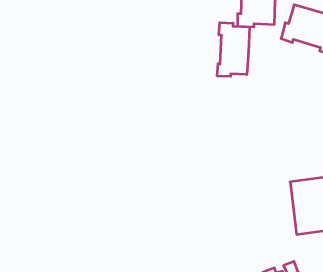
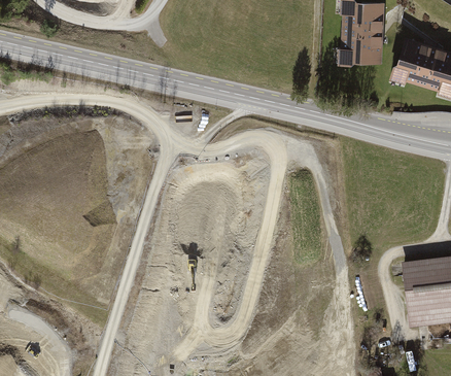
building: [217,23,250,76] -> none

